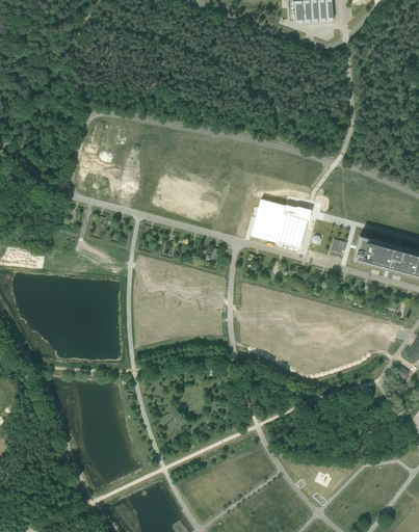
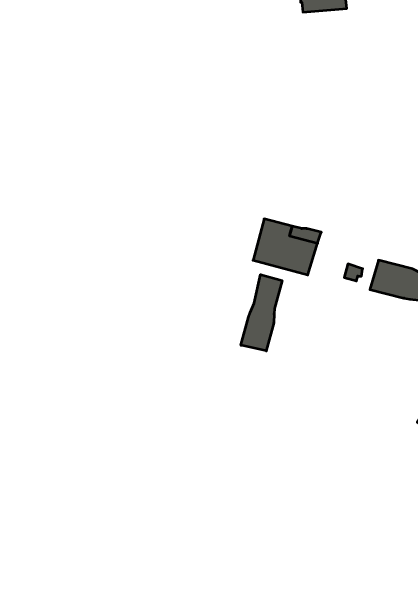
building: none -> [241,275,282,351]

